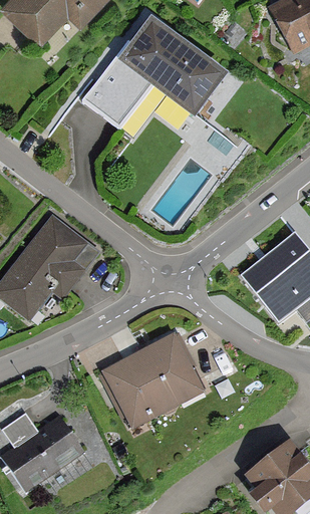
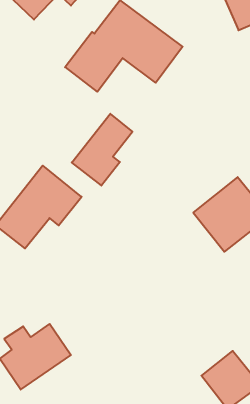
building: none -> [72,114,132,186]
building: [111,334,212,425] -> none

